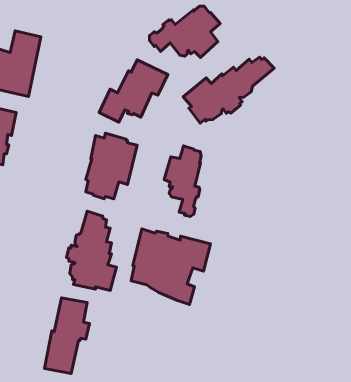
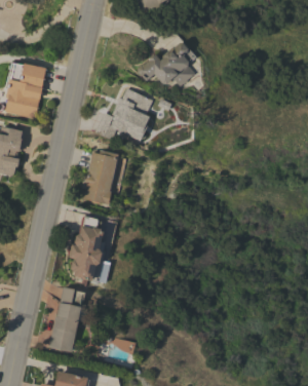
building: [183,57,274,123] -> none
building: [164,146,201,217] -> none
building: [131,229,210,305] -> none

